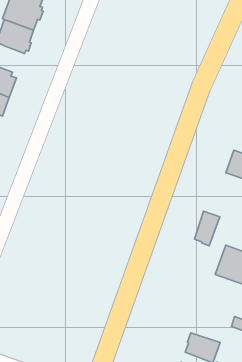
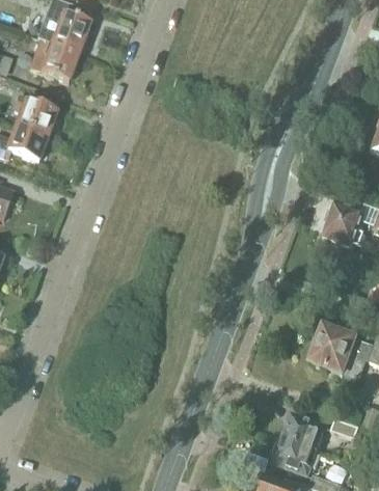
building: [194,211,220,246] -> none
building: none -> [278,413,322,451]

